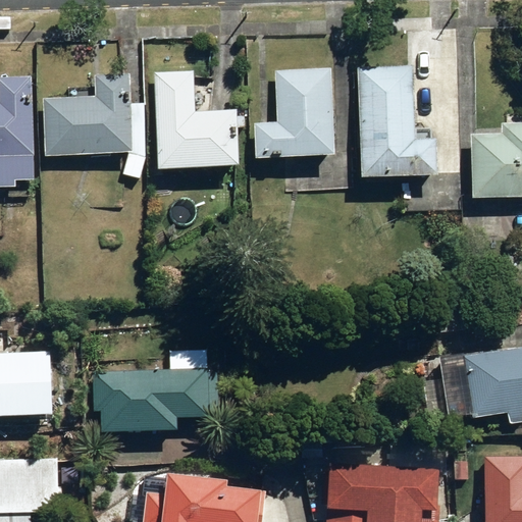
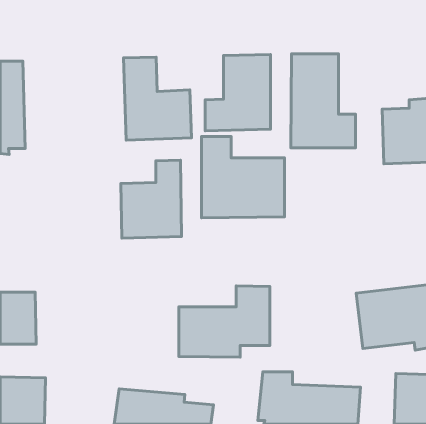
building: [41,73,132,156] -> none
building: none -> [202,137,284,218]
building: none -> [121,160,182,238]
building: [99,345,209,431] -> [179,286,270,357]

